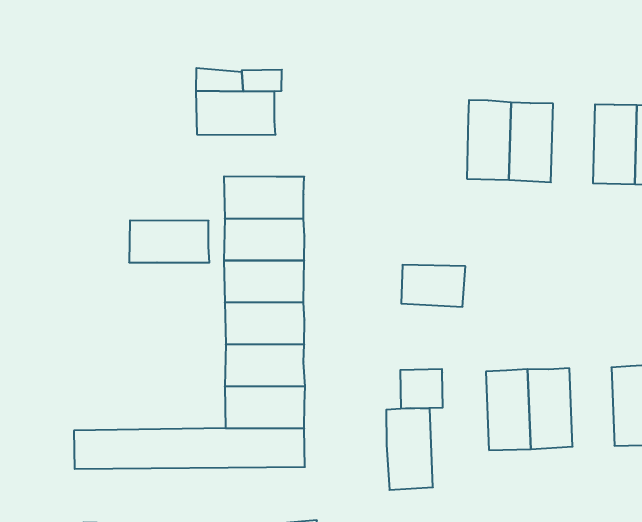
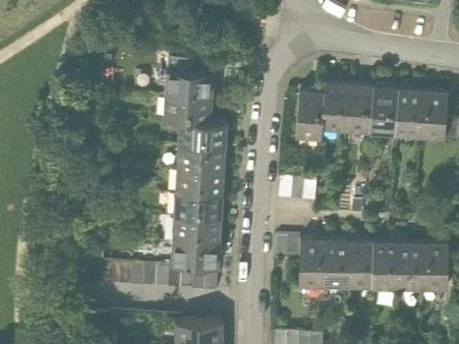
building: none -> [370,87,399,134]
building: none -> [296,90,325,138]
building: [129,220,209,263] -> [164,92,212,119]
building: none -> [374,241,399,288]
building: [386,408,433,490] -> [299,239,326,286]

